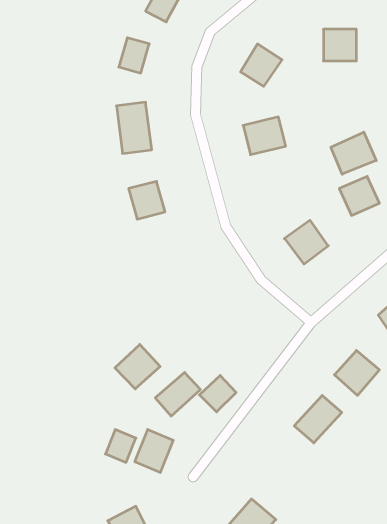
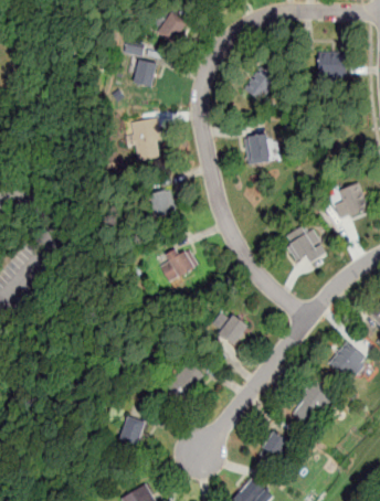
building: [331,132,376,174] -> none
building: none -> [152,246,196,287]
building: [115,344,160,389] -> none
building: [199,375,236,412] -> [215,312,249,345]
building: [135,429,173,473] -> none
building: none -> [257,429,289,463]

